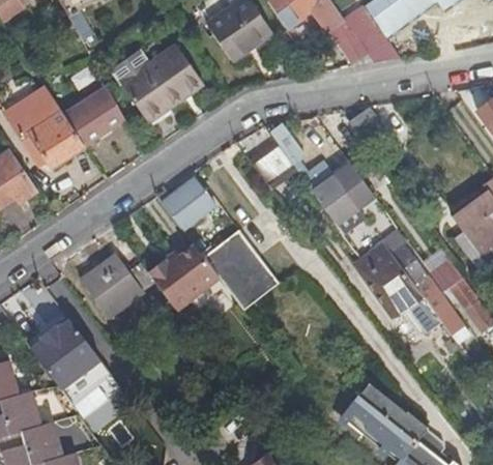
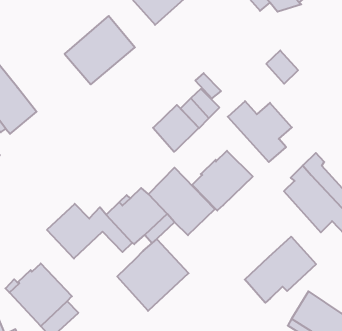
building: [66,87,125,144] -> none
building: [162,177,213,230] -> [153,105,199,152]
building: none -> [192,151,253,211]
building: none -> [117,239,189,311]
building: none -> [245,237,316,303]

